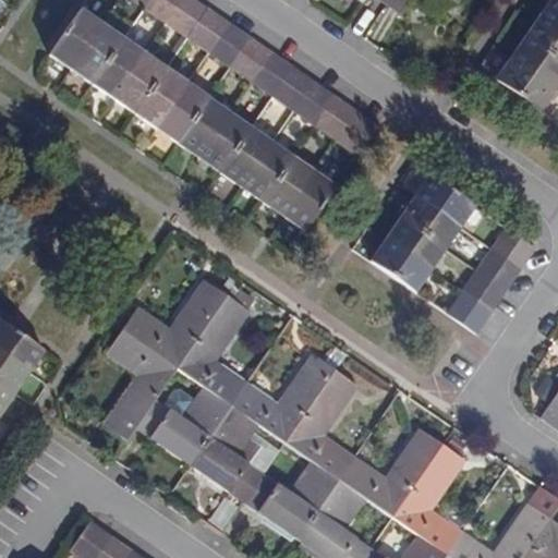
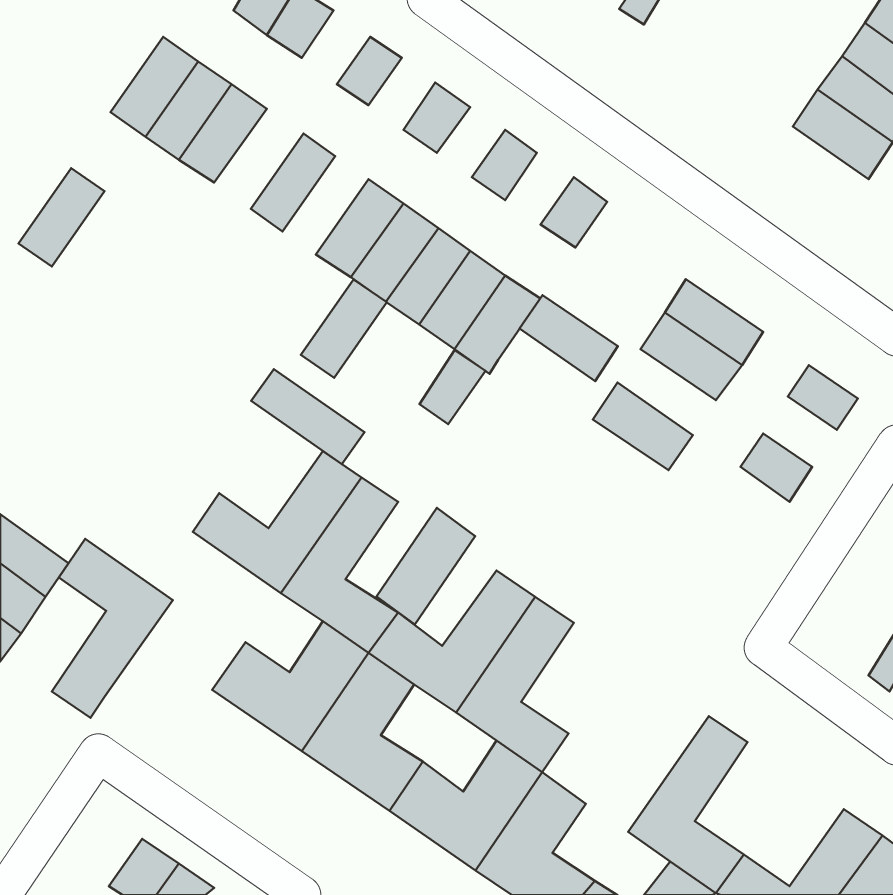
building: [190,7,232,52] -> none
building: [50,9,104,70] -> [19,168,105,266]
building: [231,36,272,81] -> none
building: [274,66,316,110] -> none
building: [135,68,191,130] -> none
building: [316,95,359,140] -> none
building: [178,97,231,158] -> [301,280,387,378]
building: [386,217,447,270] -> [520,295,618,381]
building: none -> [420,350,485,424]
building: none -> [251,369,365,464]
building: [476,246,522,290] -> none
building: [447,290,493,333] -> none
building: none -> [376,508,475,625]
building: [101,330,177,441] -> [52,539,173,718]
building: [339,429,442,517] -> none

